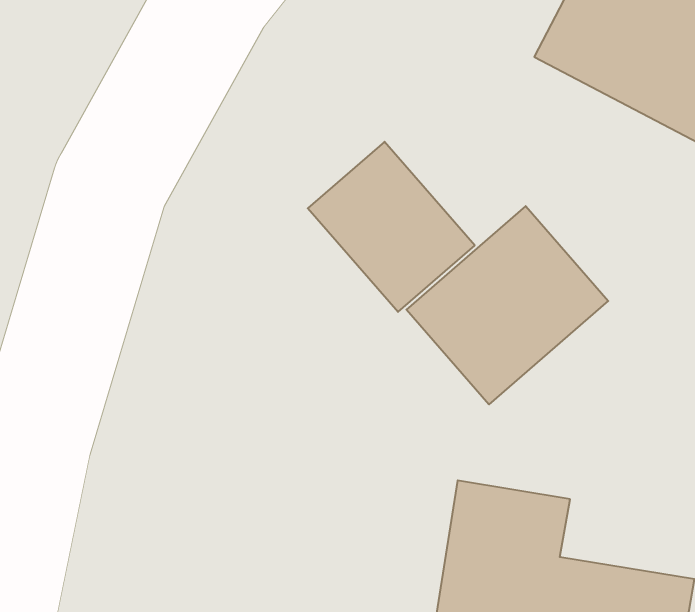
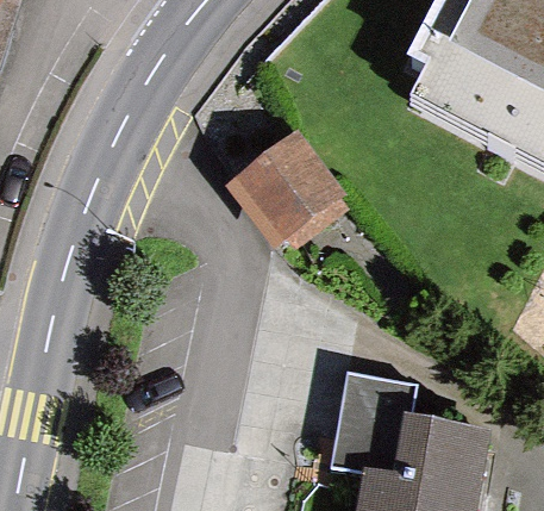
building: [406,206,608,404] -> none

